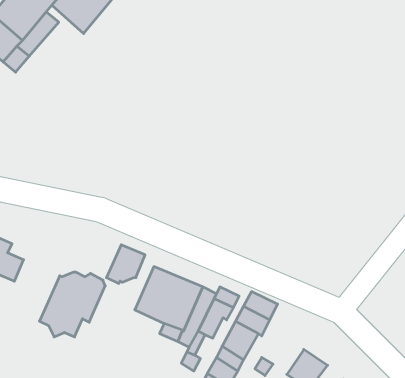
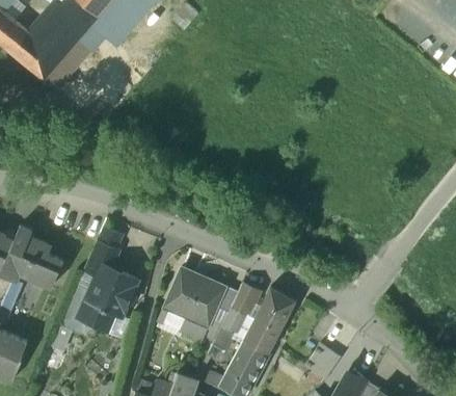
building: [106,245,145,283] -> [83,242,118,278]

